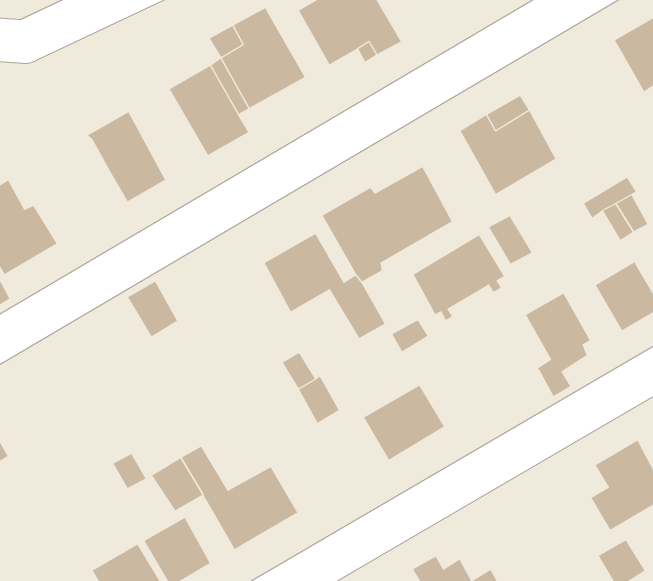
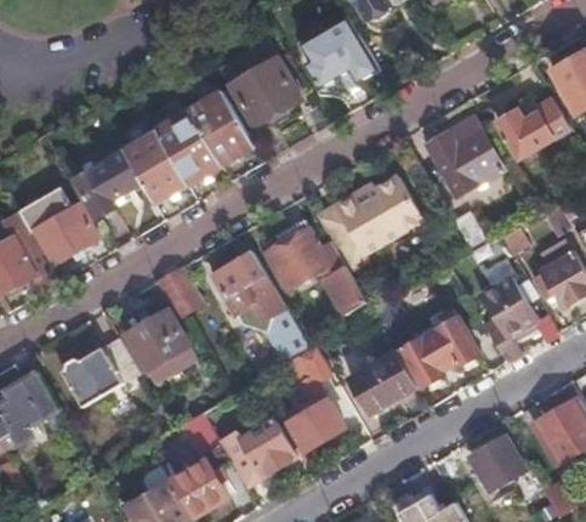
building: none -> [497,101,568,159]
building: none -> [157,110,221,185]
building: none -> [75,152,143,219]
building: [413,234,505,321] -> [400,320,476,391]
building: none -> [212,251,286,330]
building: none -> [125,307,195,381]
building: none -> [61,335,140,407]
building: none -> [286,399,342,452]
building: none -> [467,439,520,492]

